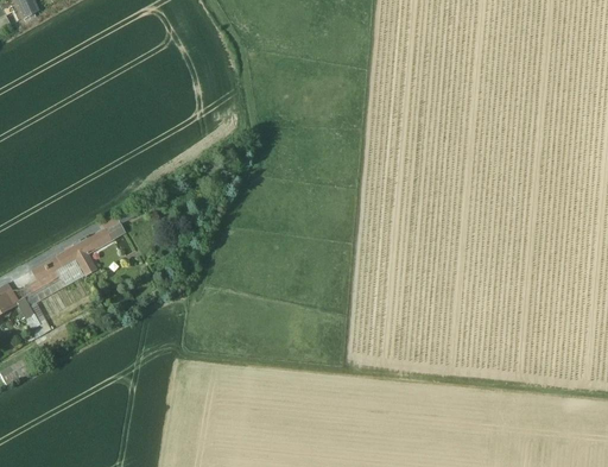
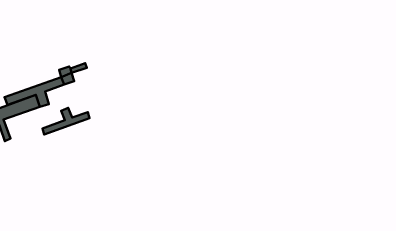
building: none -> [42,108,90,134]

